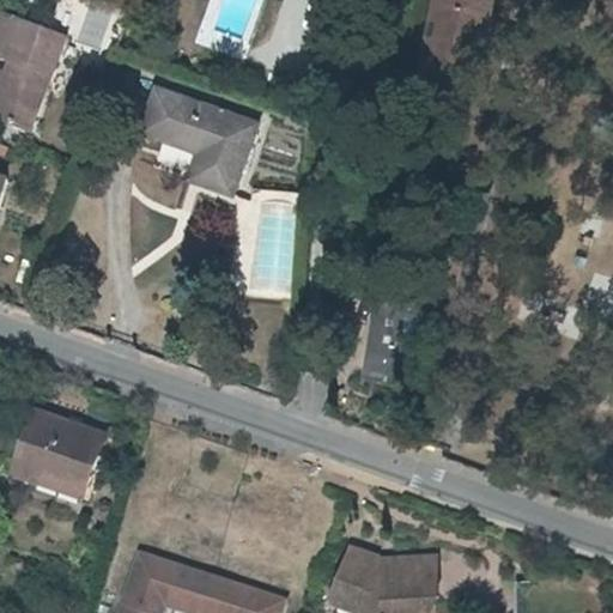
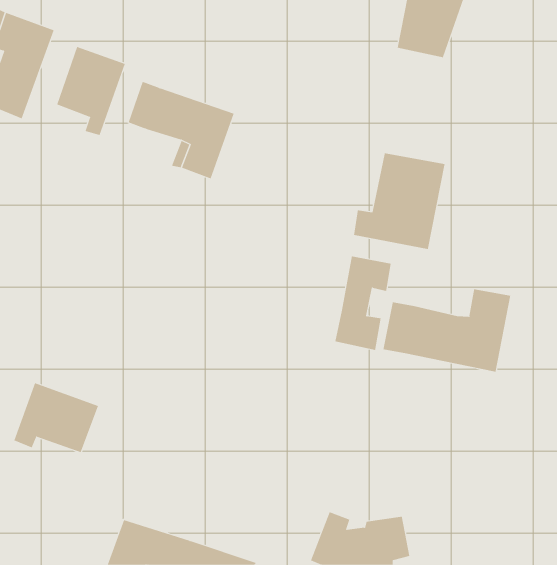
building: none -> [56,46,125,136]
building: none -> [353,153,445,250]
building: none -> [383,288,511,373]

